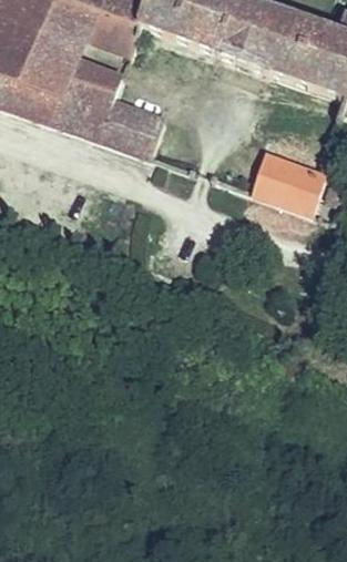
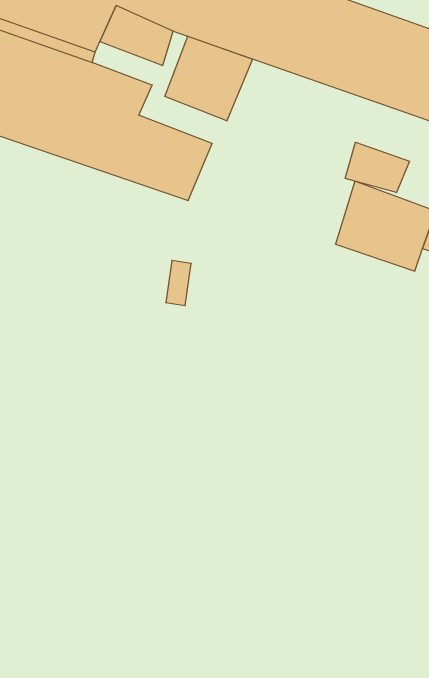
building: none -> [165,36,253,121]
building: none -> [345,142,410,193]

